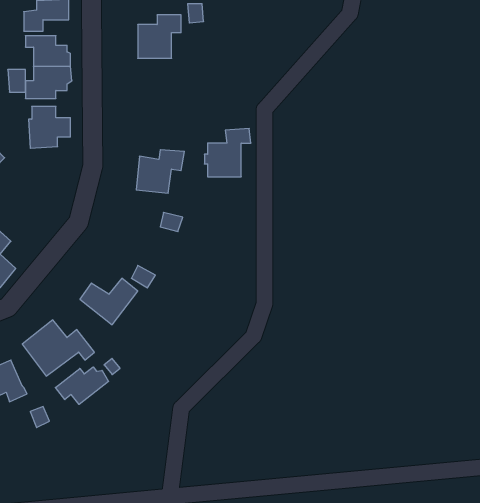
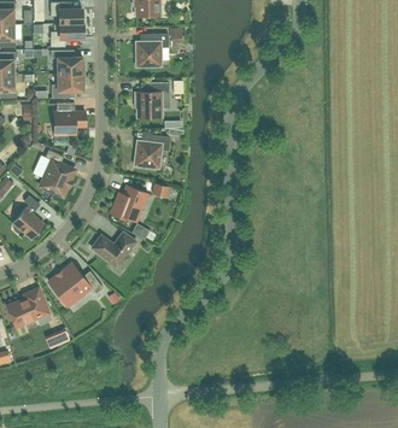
building: [204,129,251,177] -> [134,81,169,117]
building: none -> [40,149,74,195]
building: none -> [111,186,145,219]
building: [55,367,109,404] -> none

